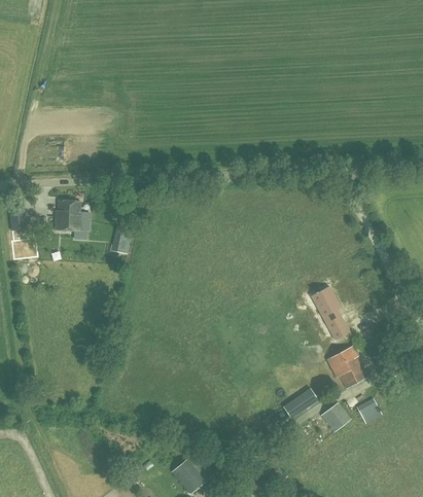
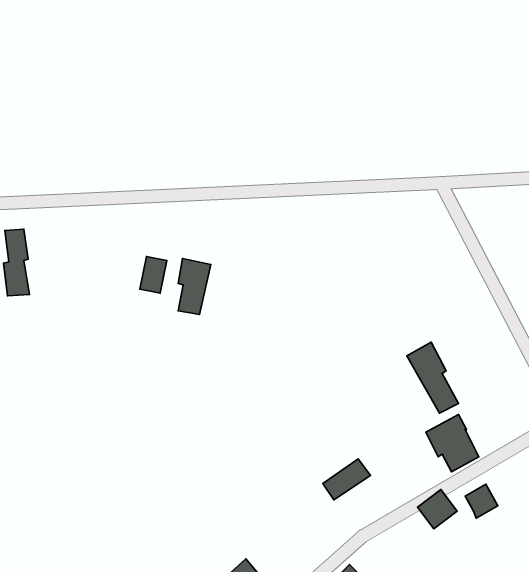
building: [55,200,90,230] -> none
building: none -> [178,259,211,315]
building: [283,387,319,418] -> [323,459,371,500]

